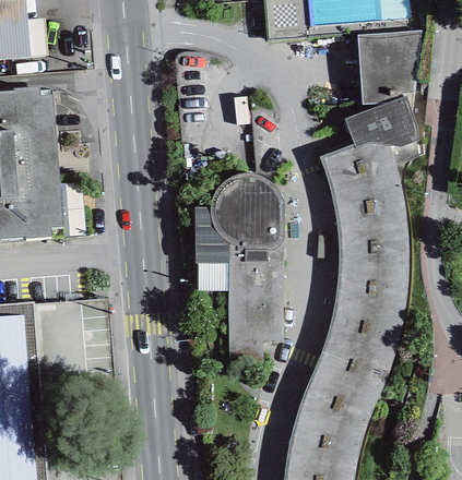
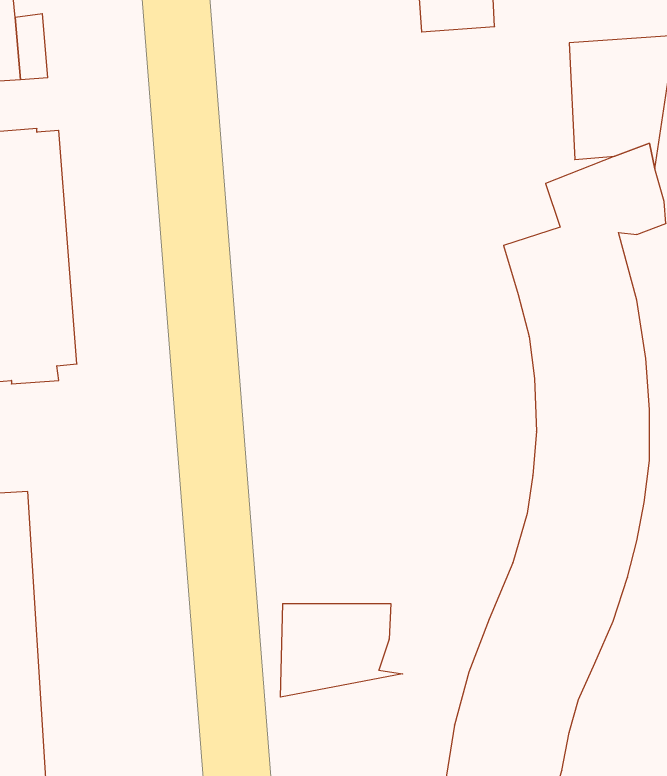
building: [194,171,283,363] -> none
building: none -> [281,604,403,697]

